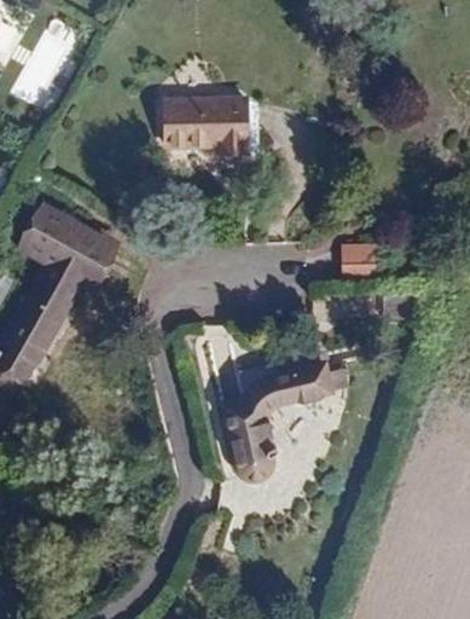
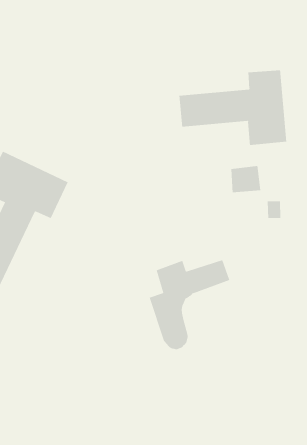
building: [164,100,245,155] -> none
building: none -> [179,69,287,146]

